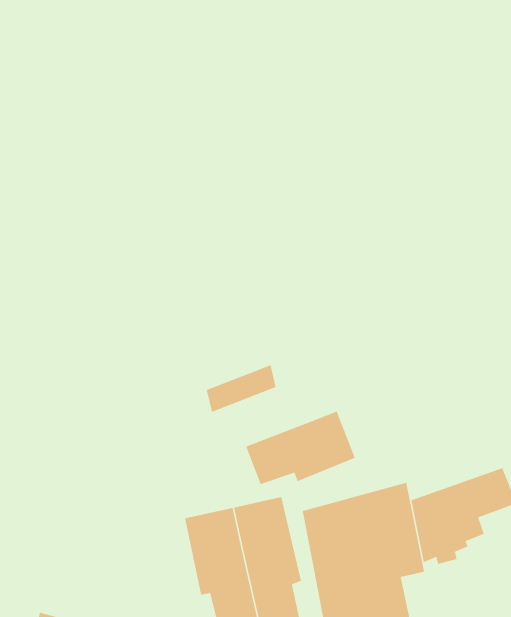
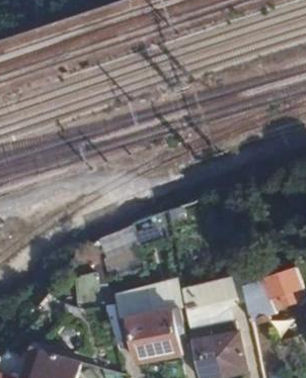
building: [245,410,356,485] -> none

